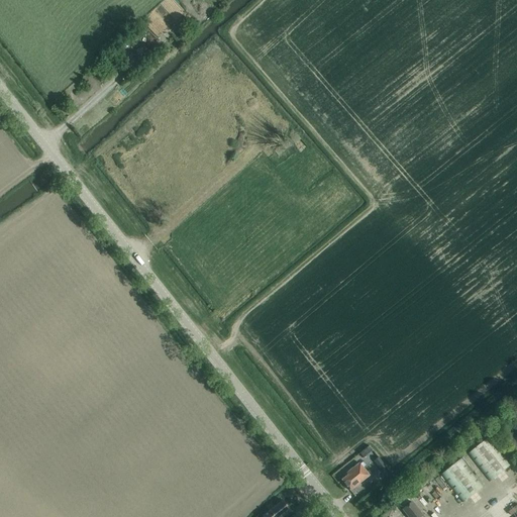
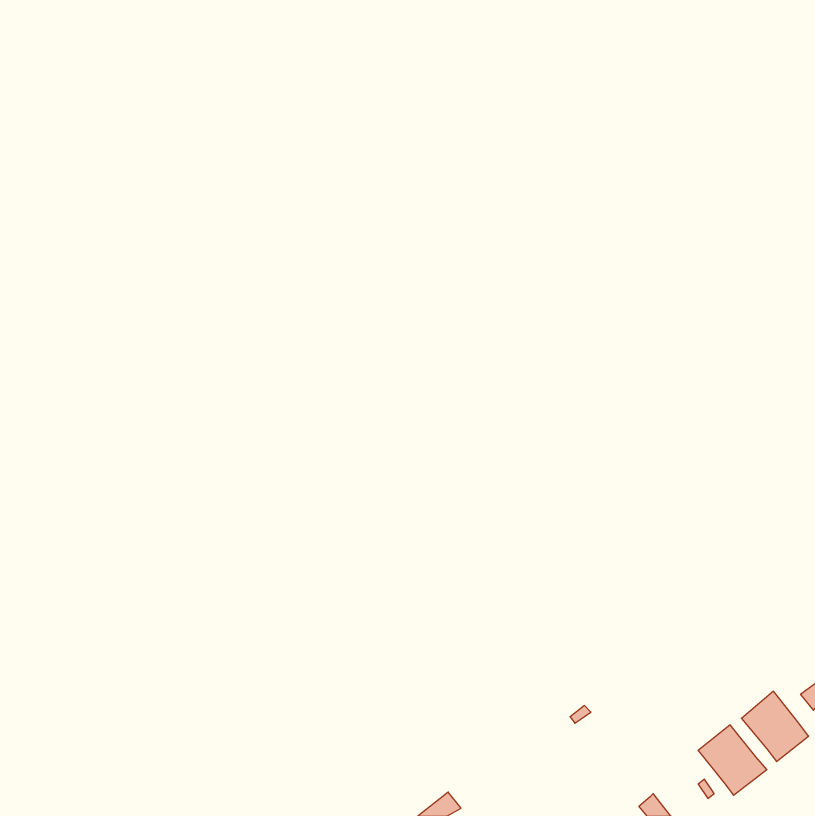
building: [343,461,372,490] -> none

